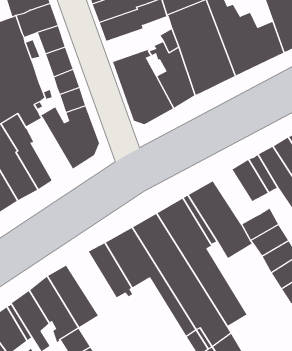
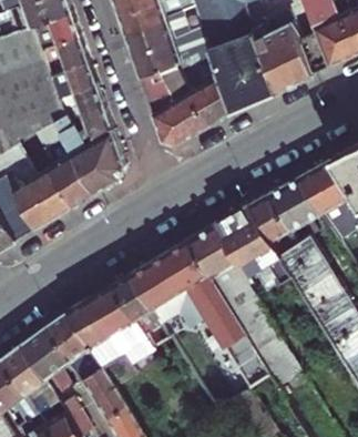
building: none -> [132,40,186,77]
building: none -> [44,138,95,206]
building: none -> [249,194,297,254]
building: none -> [89,284,146,354]

